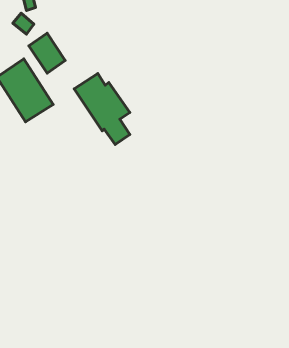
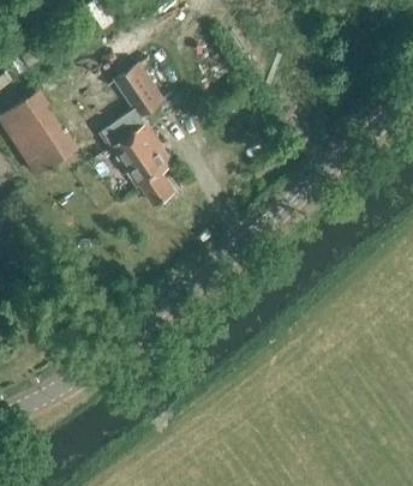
building: [29,33,65,73] -> [114,64,162,116]

